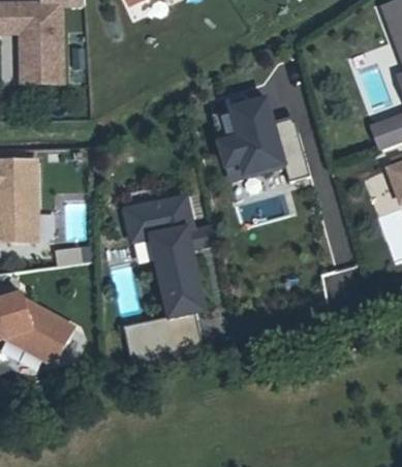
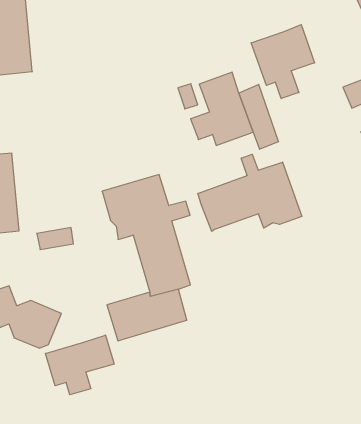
building: none -> [251,25,315,99]
building: none -> [198,154,302,231]
building: none -> [45,335,114,395]

